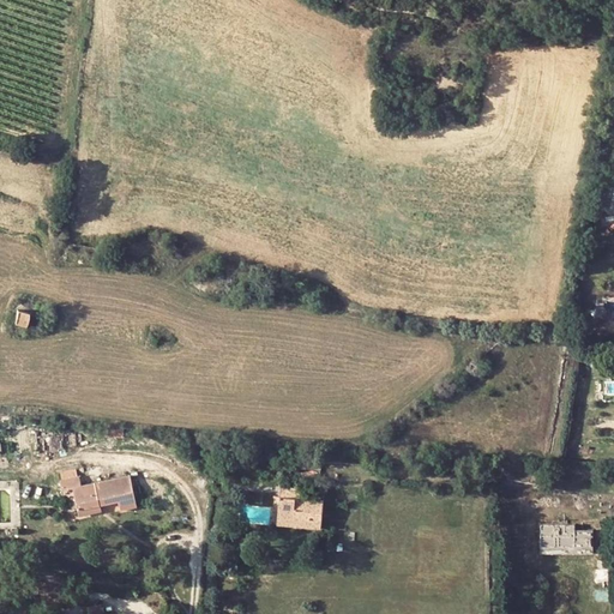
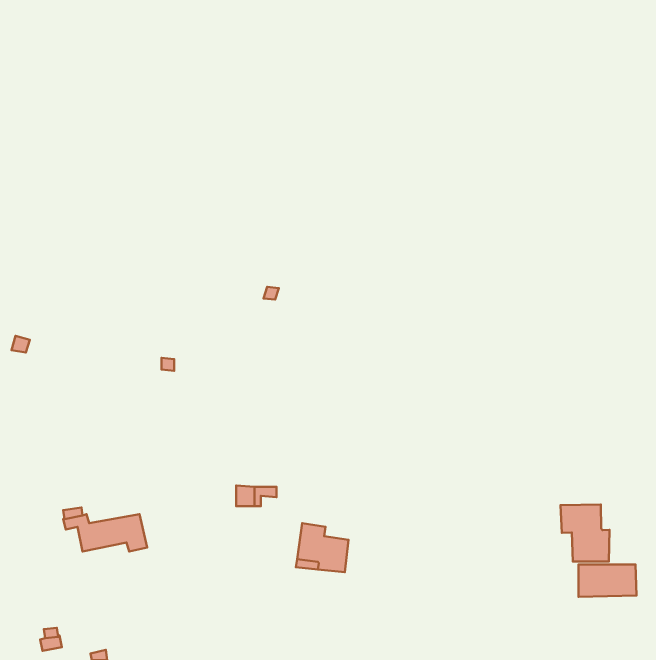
building: none -> [561,504,610,561]

